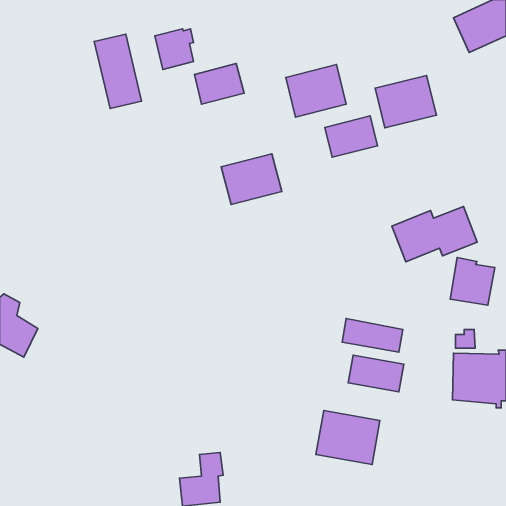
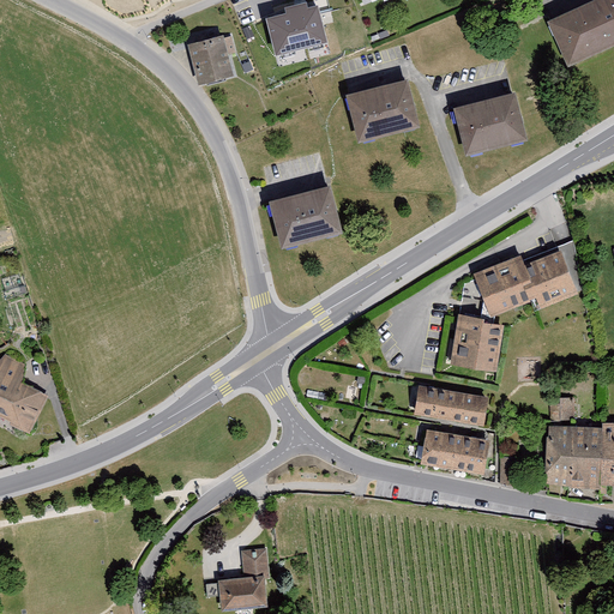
building: [94,34,142,109] -> none
building: [195,64,244,104] -> [266,5,326,54]
building: [325,116,377,157] -> none
building: [450,257,495,305] -> [450,313,504,371]
building: [316,411,380,464] -> none

